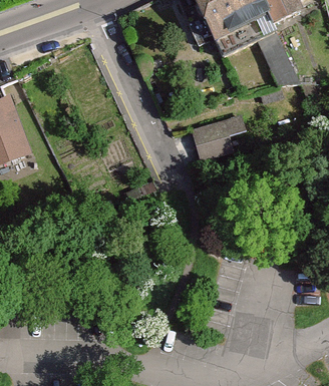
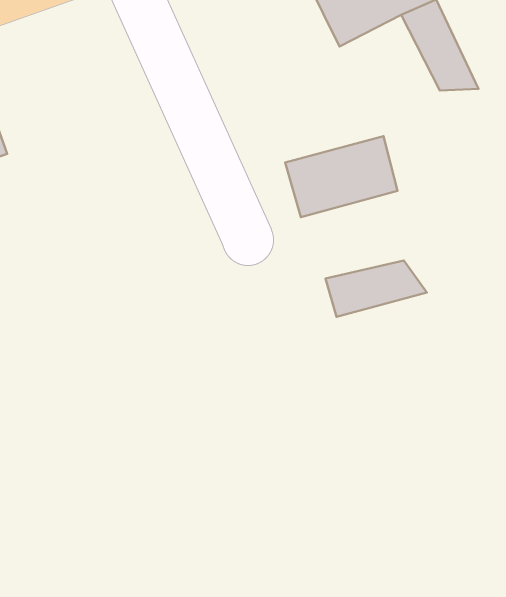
building: none -> [326,261,427,317]

